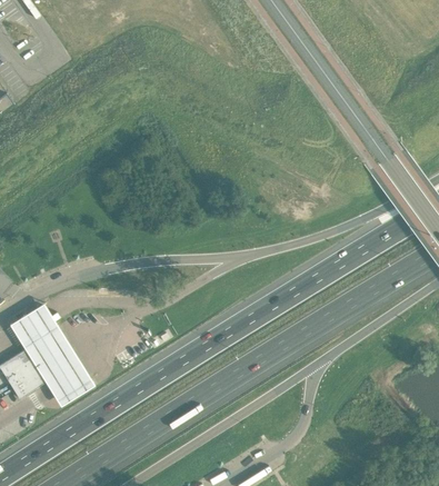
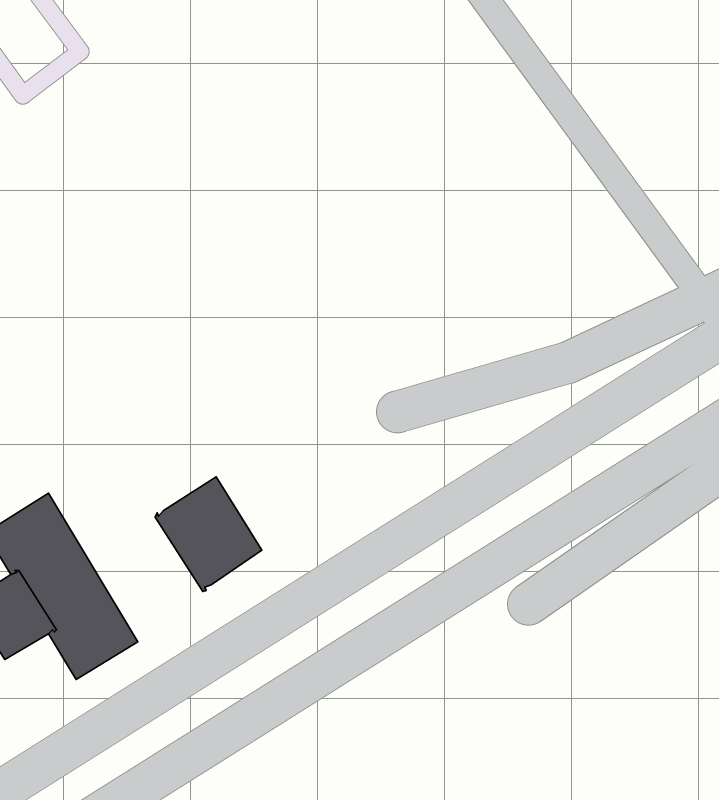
building: none -> [155,477,262,592]

